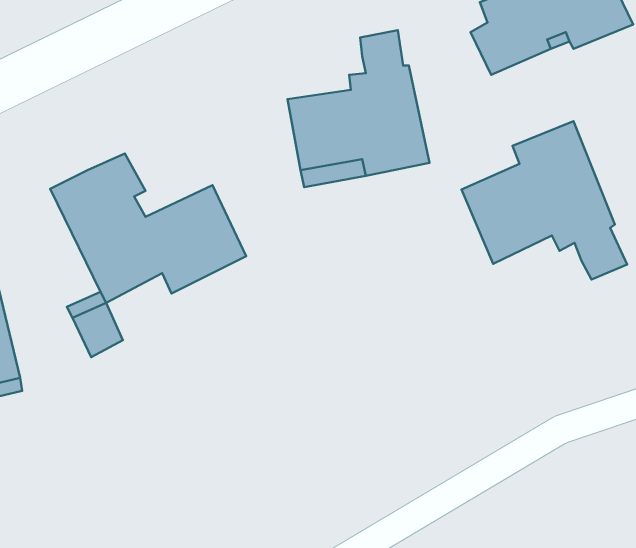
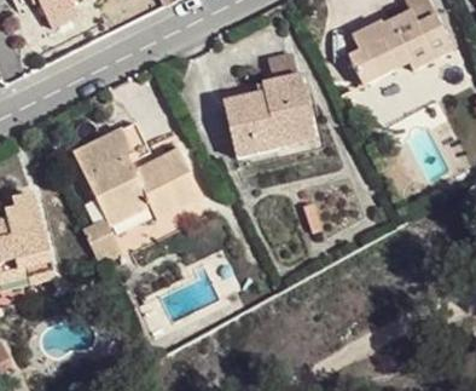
building: [461,121,627,279] -> none

